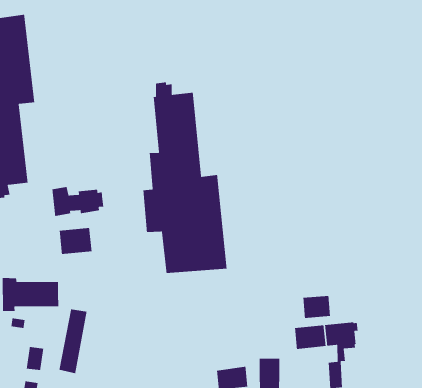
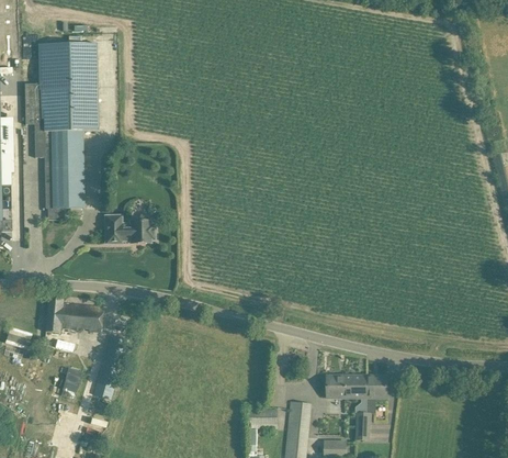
building: [142,82,228,274] -> none
building: [59,227,92,255] -> none
building: [302,295,331,319] -> none

